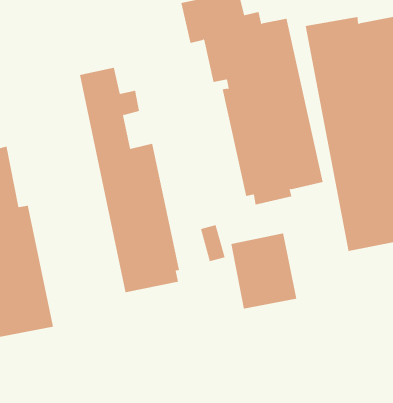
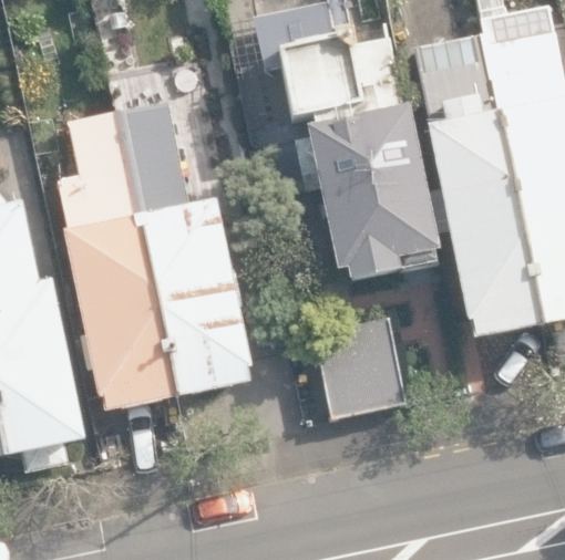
building: none -> [58,110,178,411]

